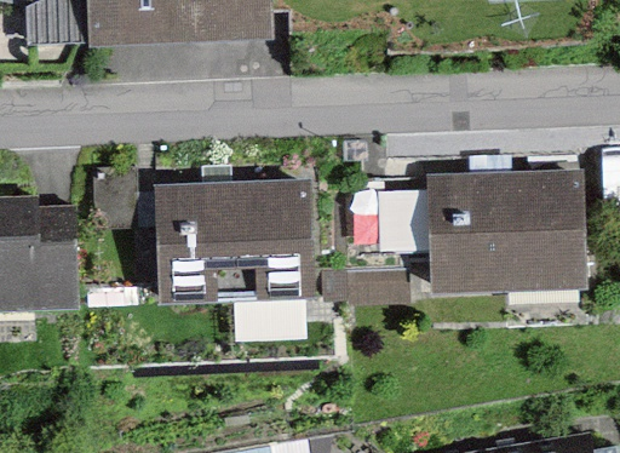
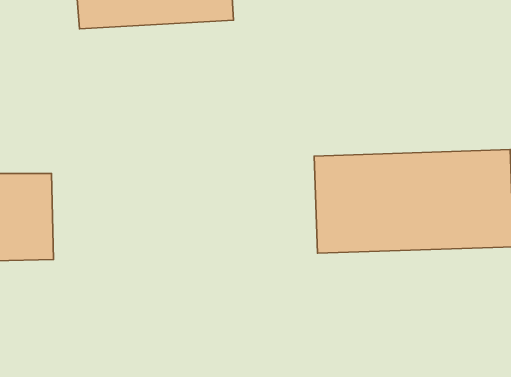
building: [154,187,314,296] -> none

